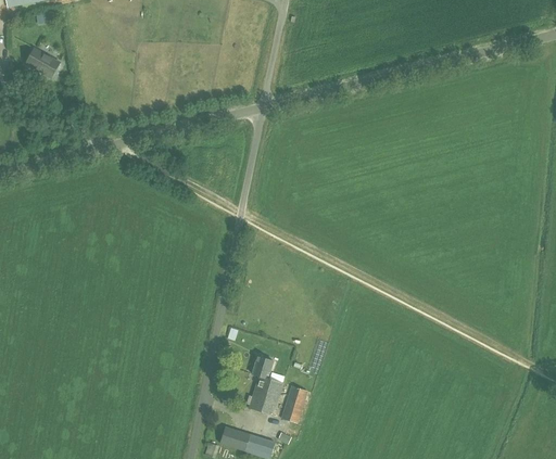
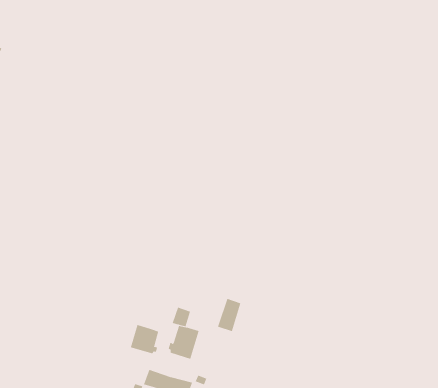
building: none -> [130,324,159,354]
building: [280,385,307,423] -> [217,298,241,332]

